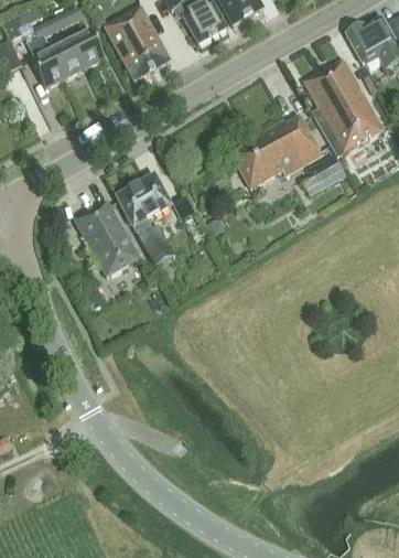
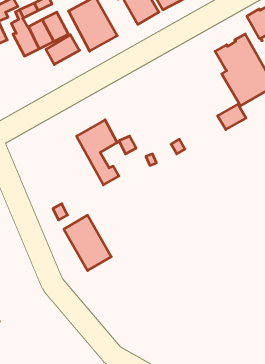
building: none -> [46,35,80,65]
building: [230,115,321,187] -> none
building: [75,201,139,276] -> [64,215,111,271]

